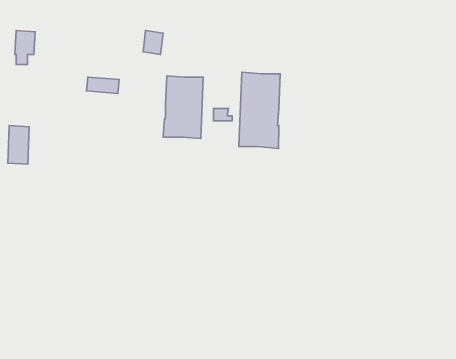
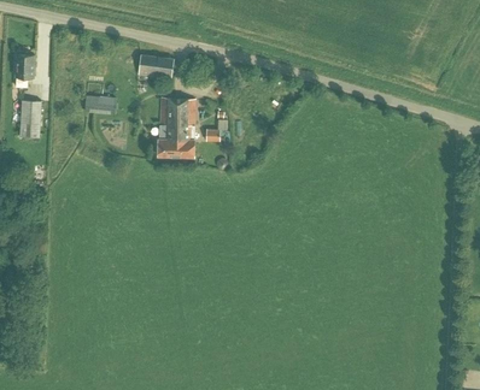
building: [239,72,280,148] -> none
building: [8,125,29,164] -> [19,100,40,137]

